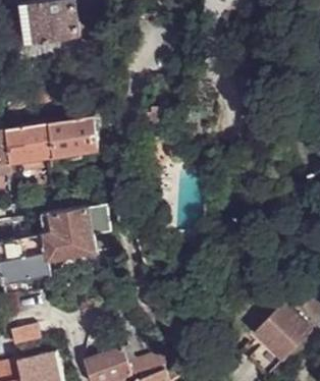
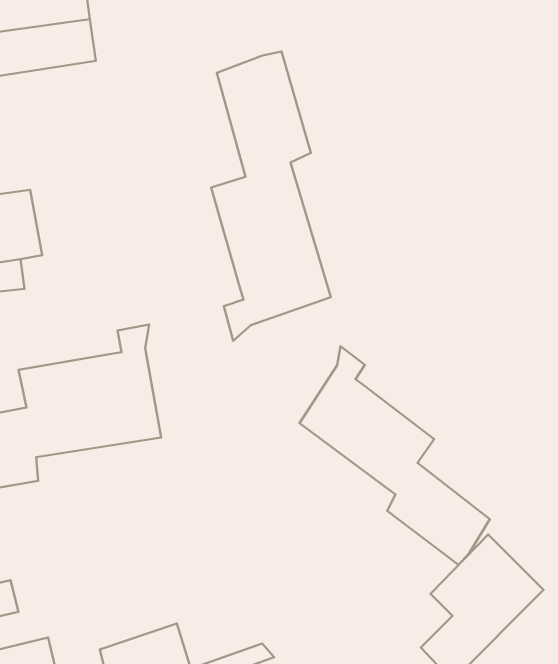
building: none -> [211,52,331,341]
building: [47,118,97,158] -> none
building: none -> [299,346,490,565]

